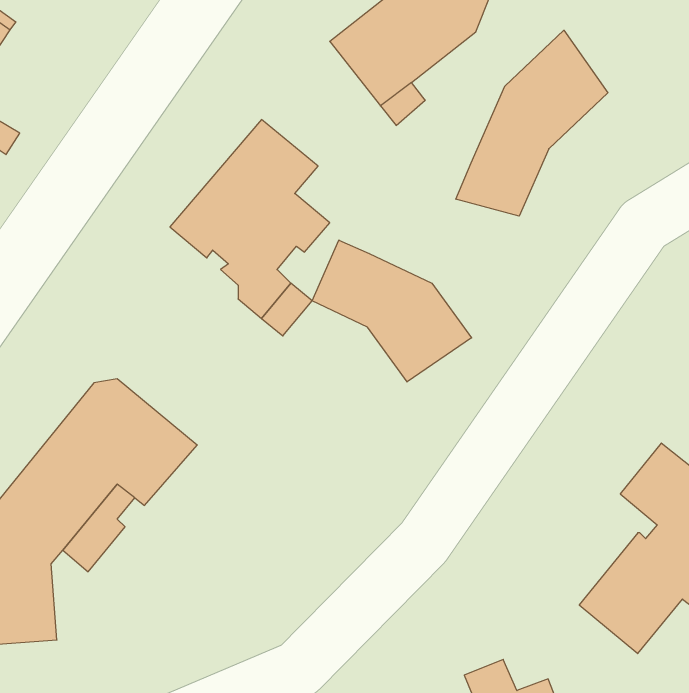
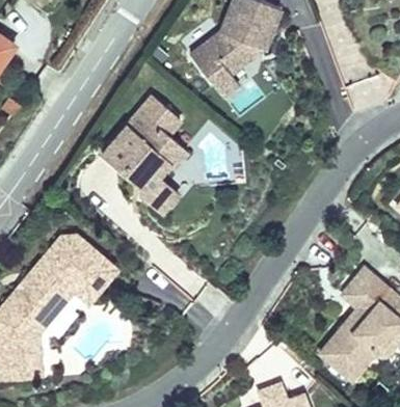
building: [456,30,608,216] -> none
building: [312,240,472,382] -> none

